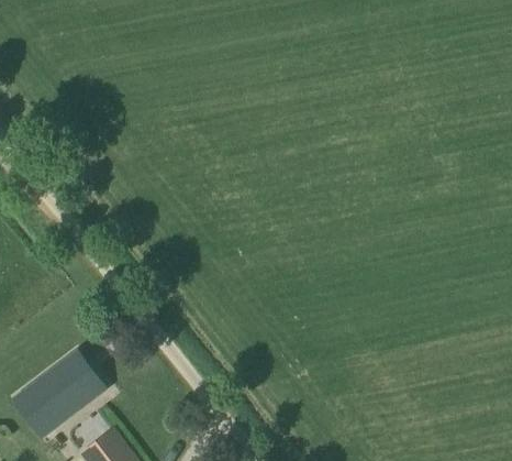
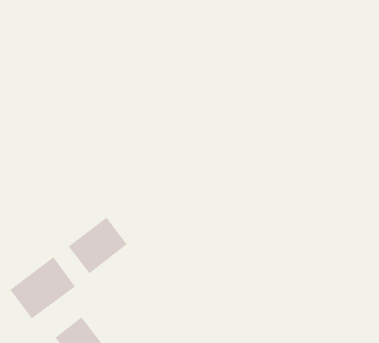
building: none -> [68,217,128,274]

